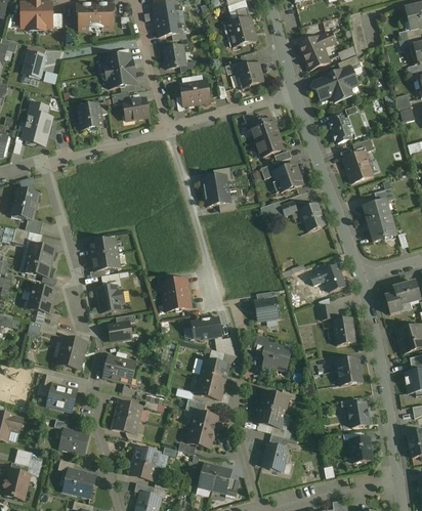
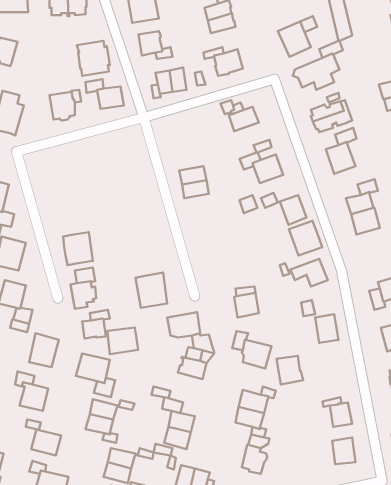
building: [255,133,284,157] -> none
building: none -> [289,221,322,256]
building: none -> [107,328,138,354]
building: [336,357,362,385] -> [276,356,303,385]
building: [196,374,224,399] -> none

